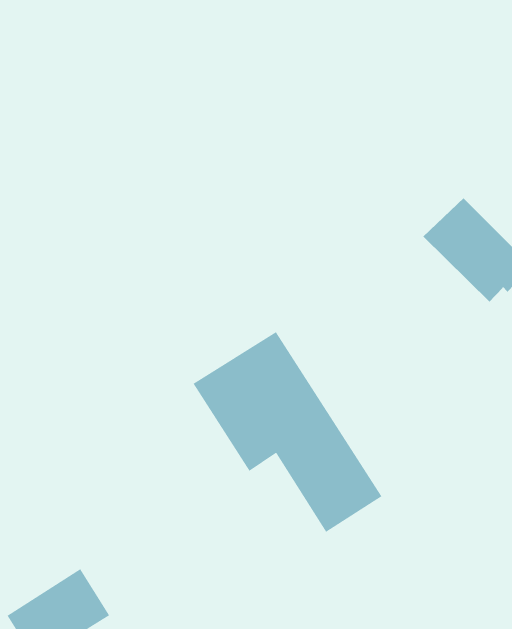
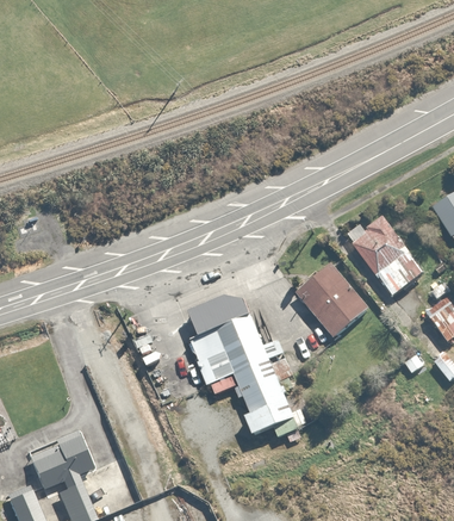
building: none -> [297,268,367,339]

